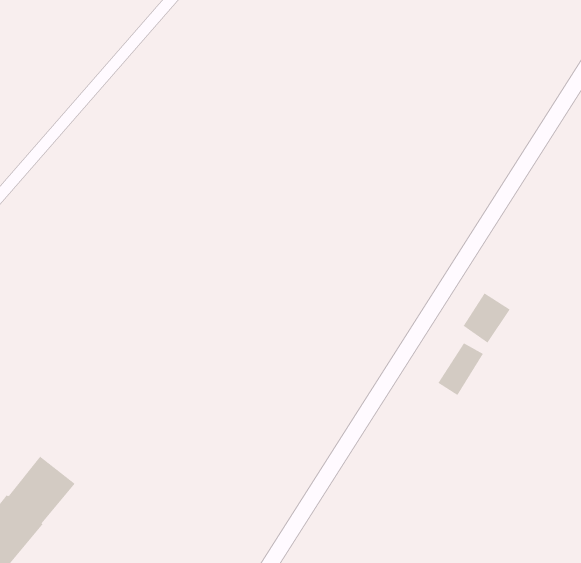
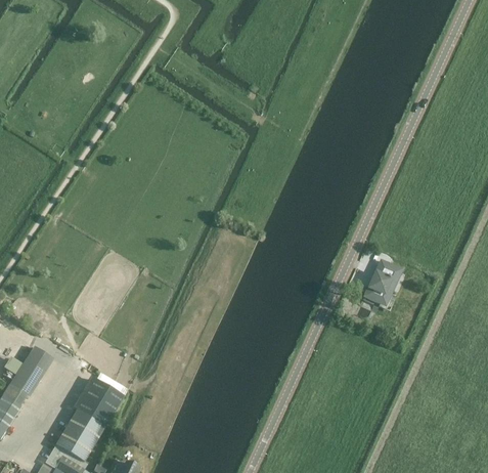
building: [463,292,511,343] -> none

